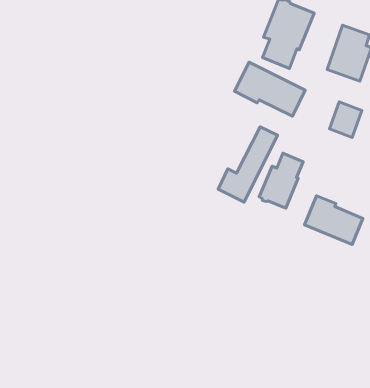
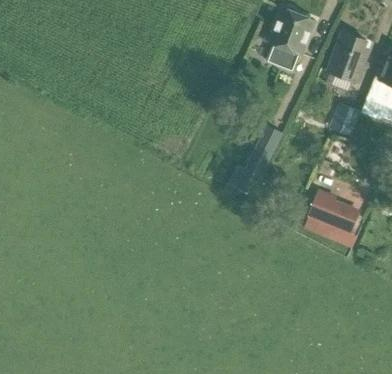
building: [235,62,305,116] -> none
building: [259,153,303,208] -> none

